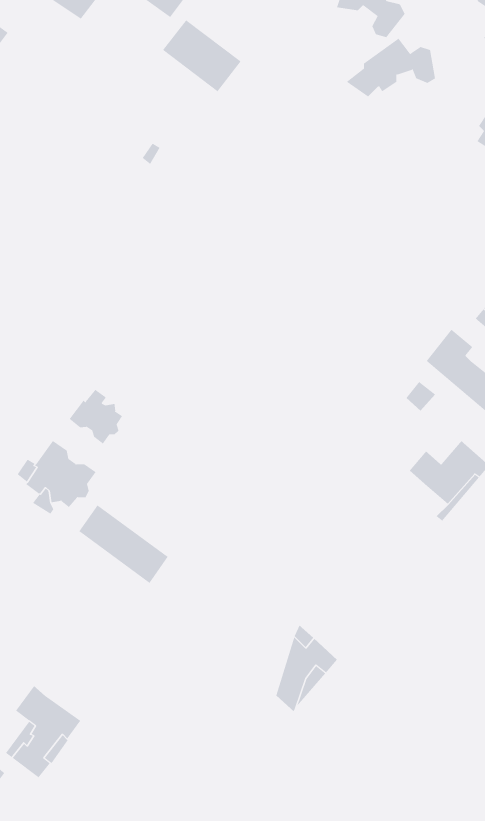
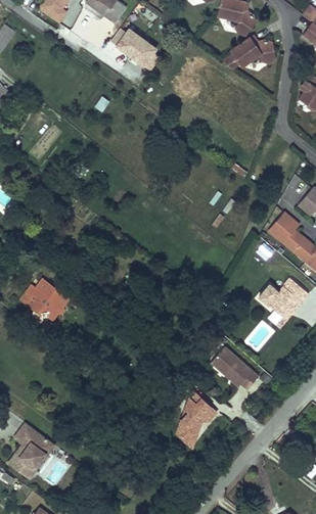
building: [69,389,123,444] -> none
building: [78,504,169,584] -> none
building: none -> [210,345,258,388]

